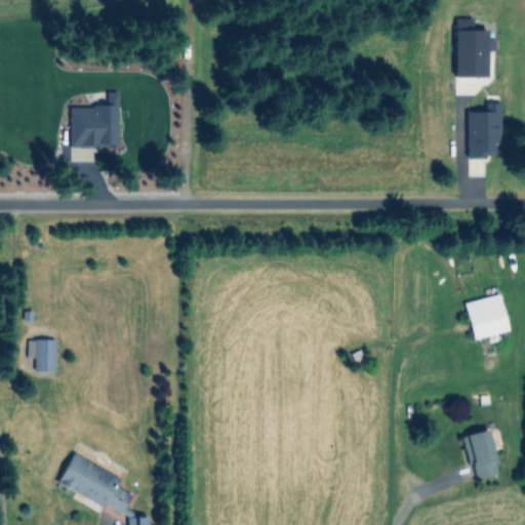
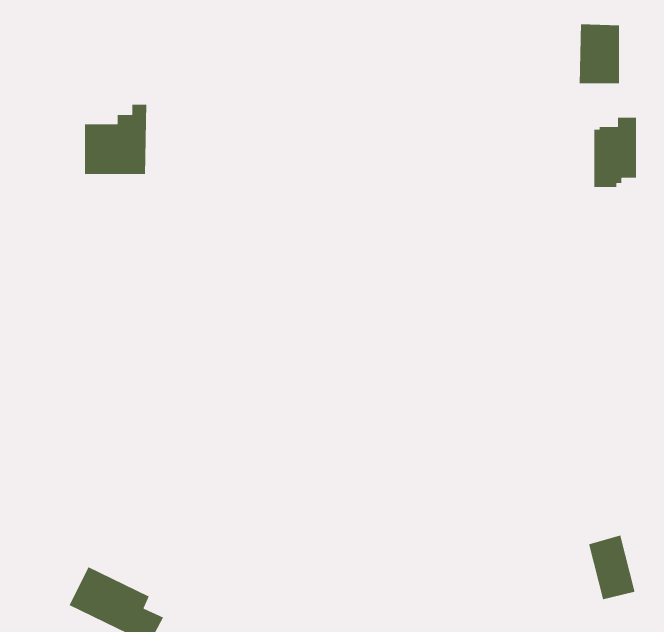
building: [466,294,511,340] -> none
building: [29,339,56,371] -> none

